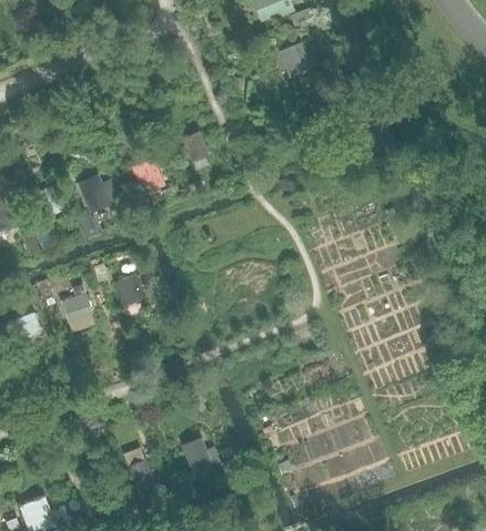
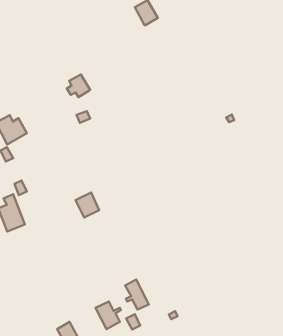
building: [130,157,164,190] -> none
building: [113,275,143,307] -> [75,193,99,218]
building: none -> [125,280,149,310]

